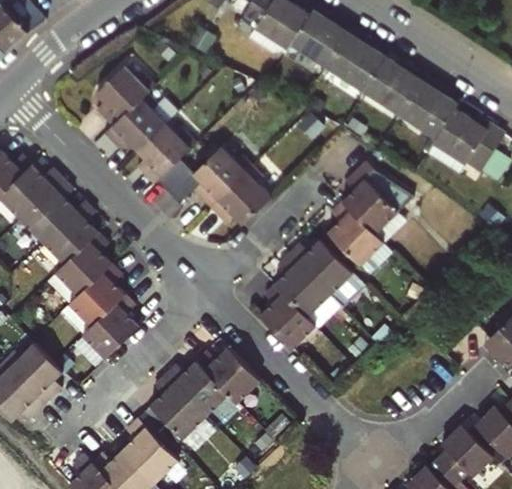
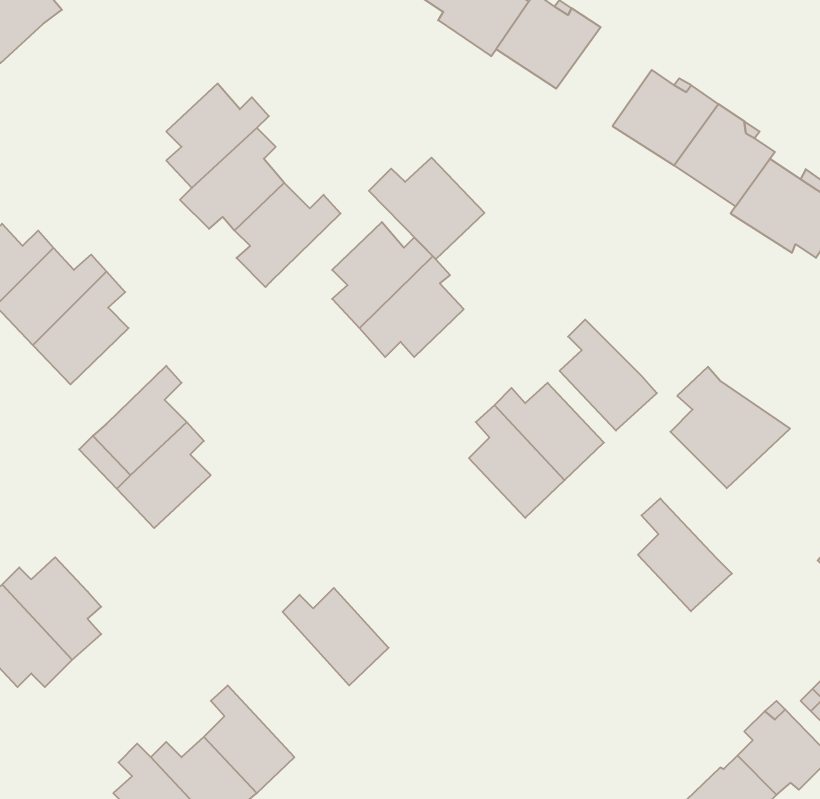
building: [326,33,382,91] -> none
building: none -> [369,158,484,259]
building: [343,166,413,237] -> [670,367,790,488]
building: [42,200,98,265] -> none
building: [262,285,317,351] -> [638,498,732,611]
building: [82,295,139,359] -> none
building: [196,349,259,405] -> none
building: [149,375,205,441] -> none

